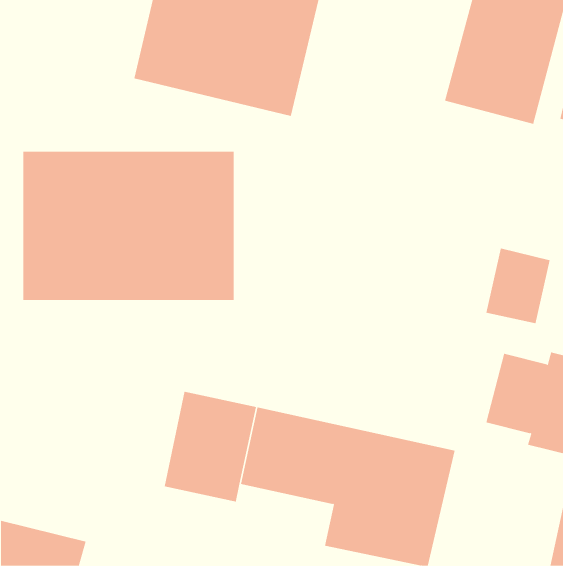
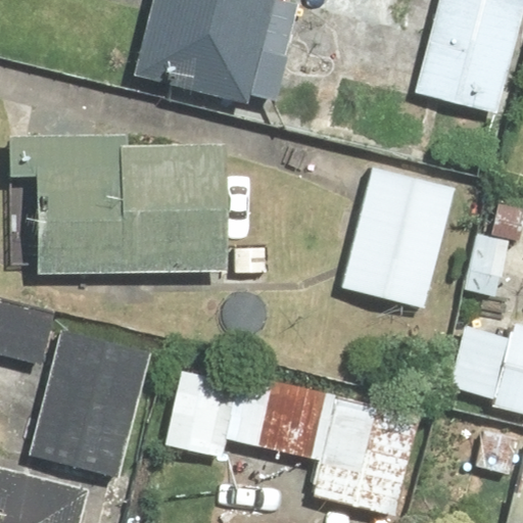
building: none -> [338,158,459,308]
building: none -> [29,326,152,480]

